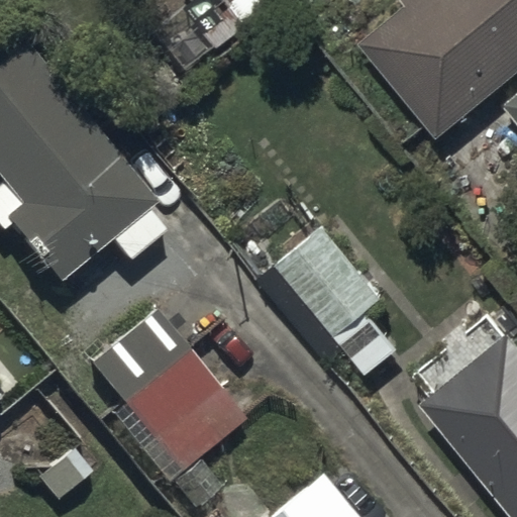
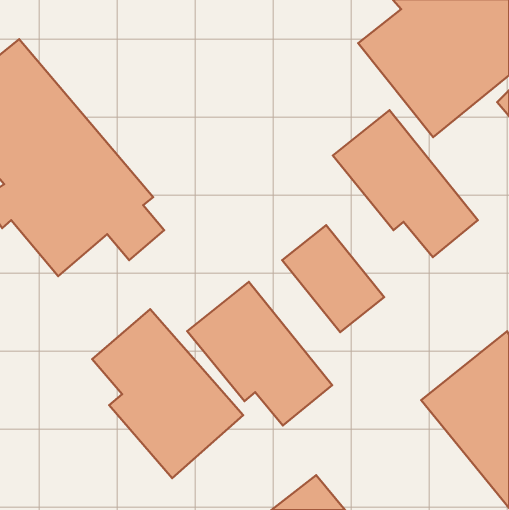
building: none -> [333,110,478,257]
building: none -> [187,282,332,426]

